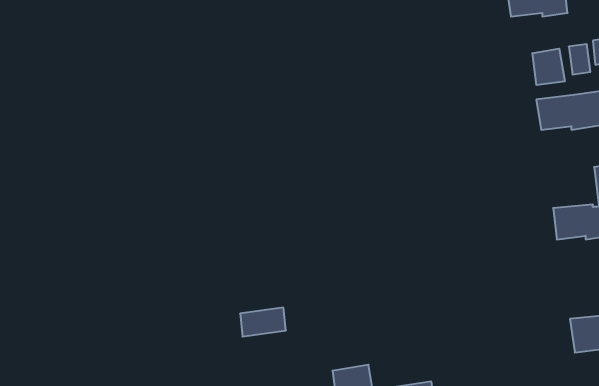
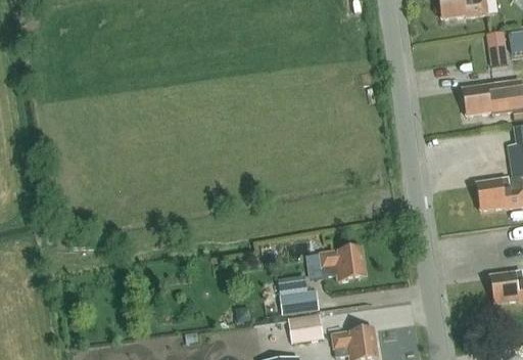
building: [532,49,565,85] -> none
building: none -> [319,246,364,279]
building: [240,308,286,337] -> [280,288,319,313]

